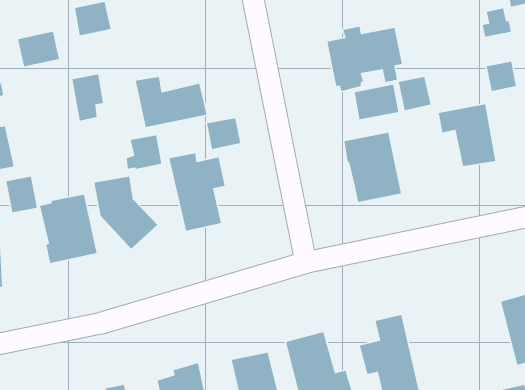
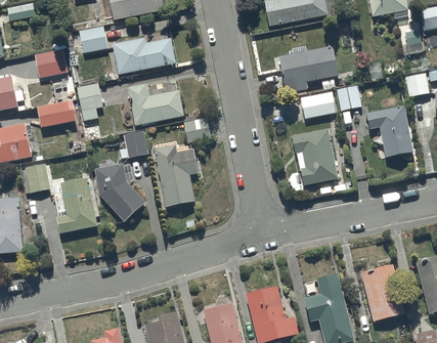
building: none -> [113,37,176,74]
building: none -> [37,99,77,128]
building: none -> [360,264,404,320]

